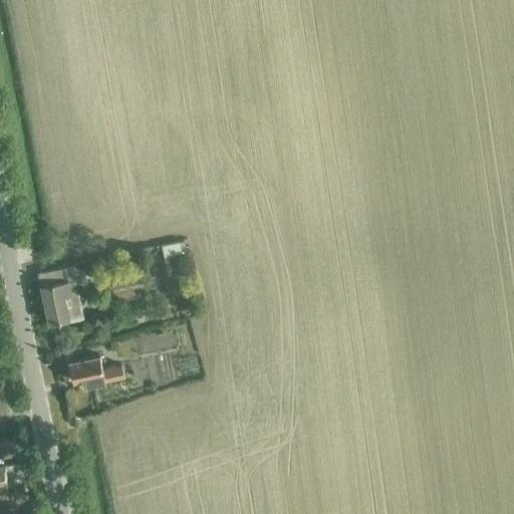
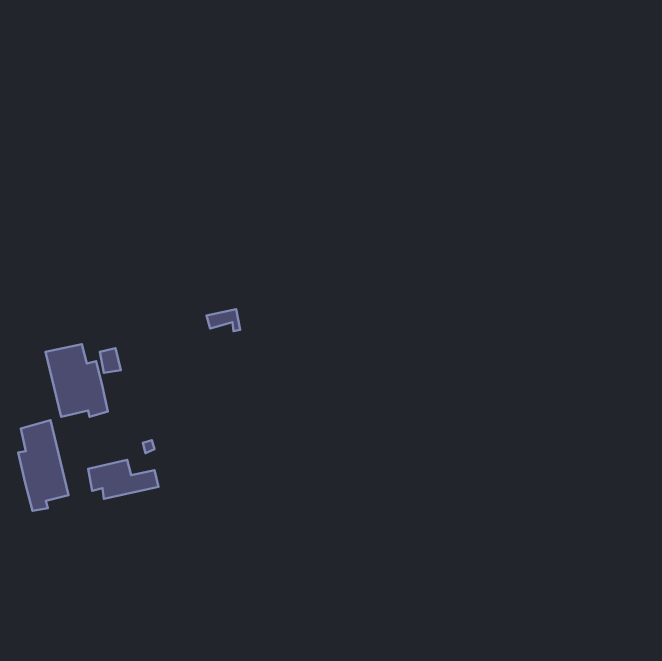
building: none -> [18,420,68,511]

